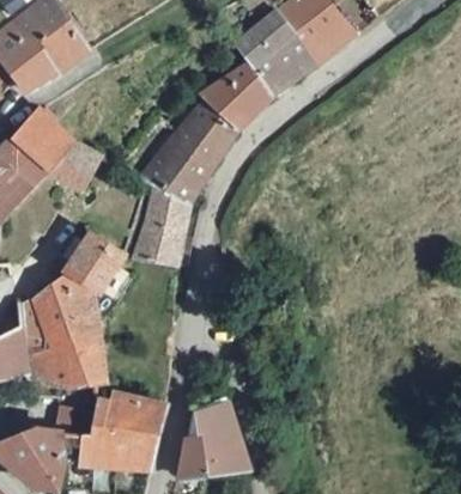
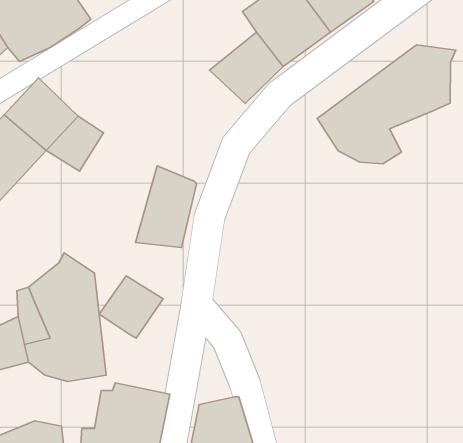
building: none -> [317,45,456,164]
building: [137,98,235,202] -> none
building: [65,233,125,292] -> [99,276,163,338]

